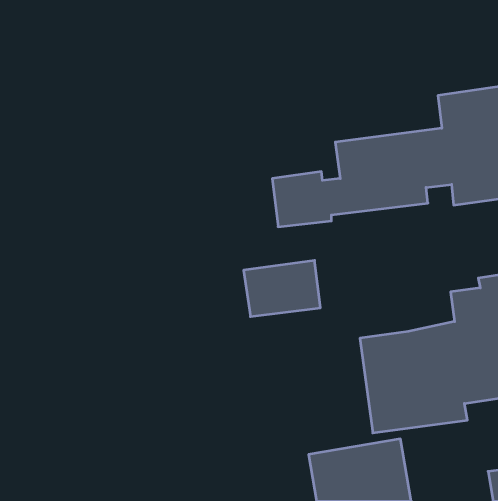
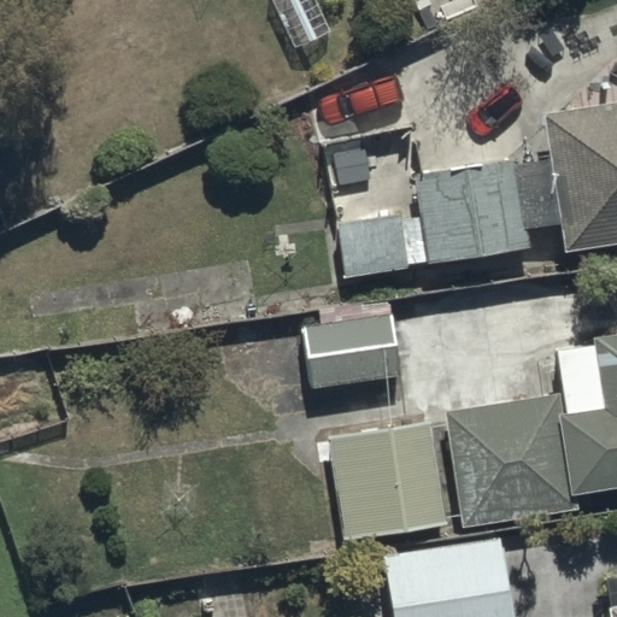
building: none -> [327,419,445,551]

